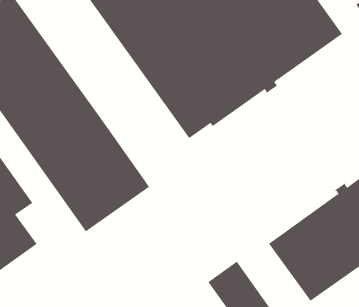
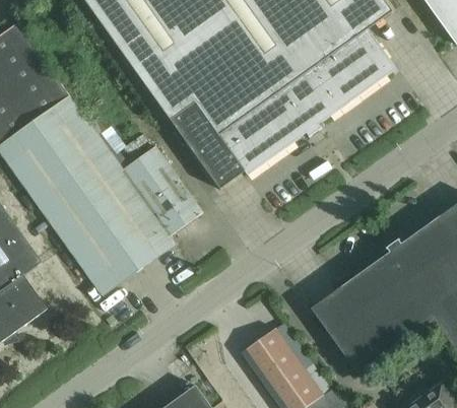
building: none -> [123,146,203,235]

